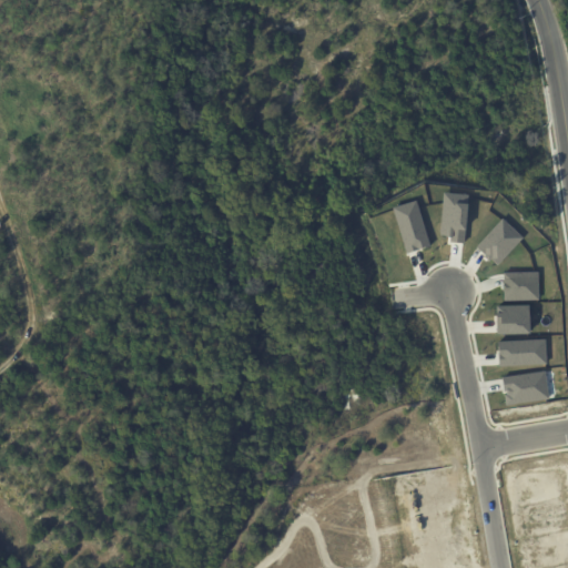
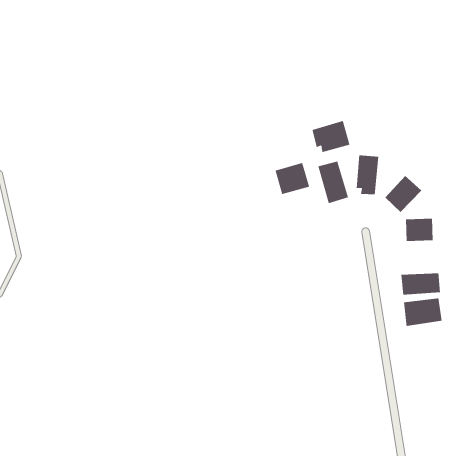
building: none -> [312,120,350,153]
building: none -> [275,162,310,195]
building: [496,304,531,333] -> none

